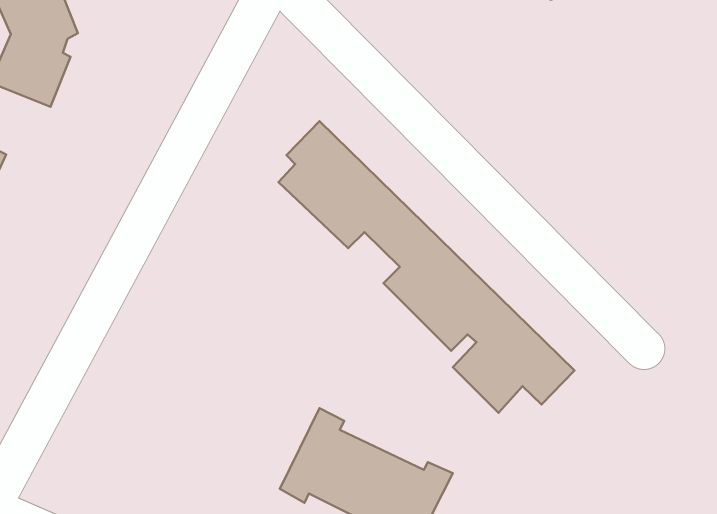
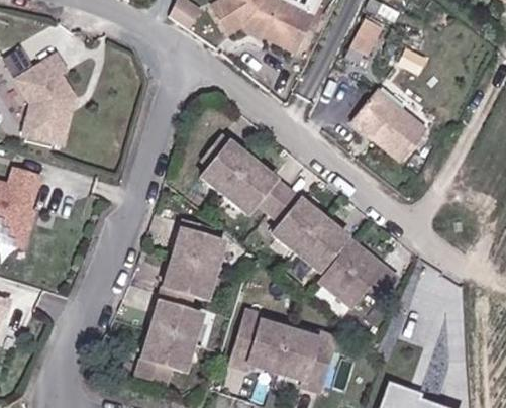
building: none -> [353,87,429,158]
building: none -> [133,223,228,384]

